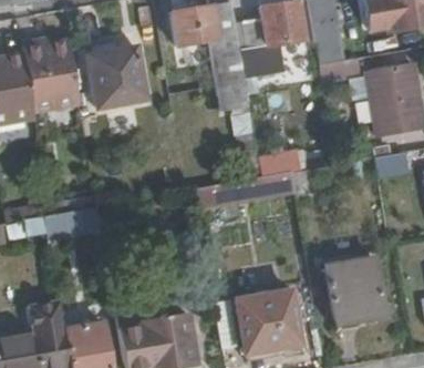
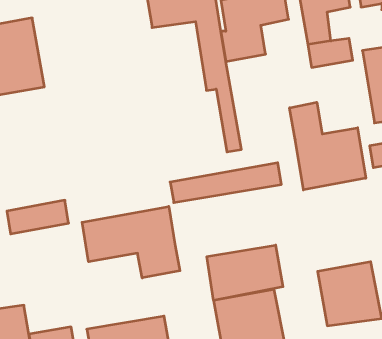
building: [87,48,145,108] -> none
building: none -> [290,102,366,190]
building: none -> [82,206,180,278]
building: none -> [207,245,283,300]

